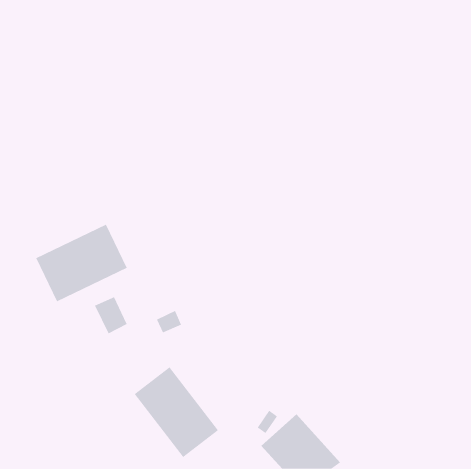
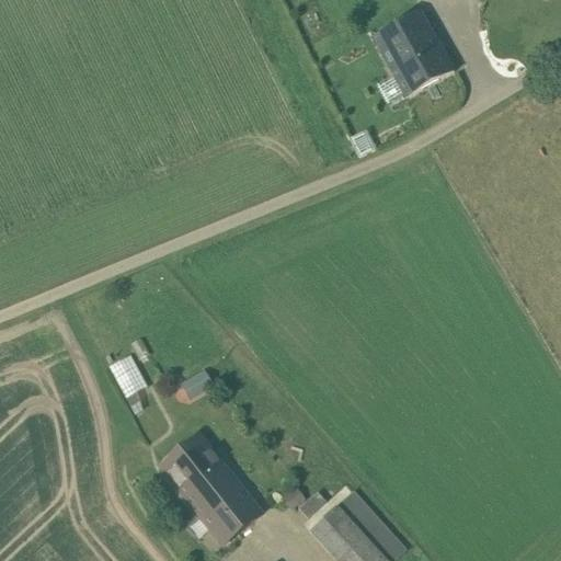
building: none -> [375,13,451,93]
building: [35,224,127,302] -> none

